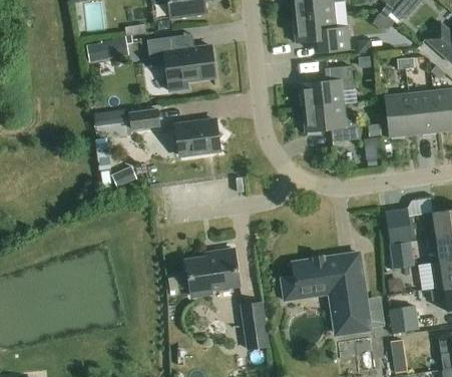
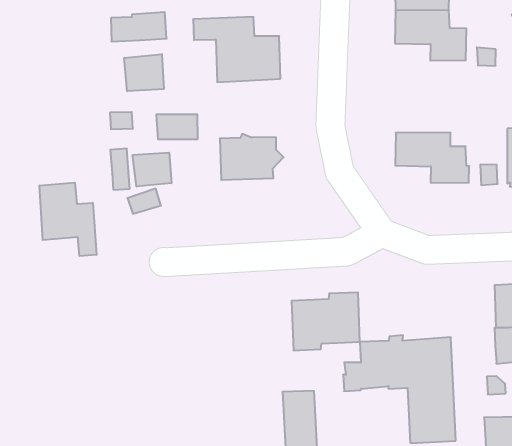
building: [301,65,354,107] -> none
building: none -> [124,54,164,91]
building: none -> [133,153,171,187]
building: none -> [40,183,96,256]
building: [186,249,240,296] -> [291,292,360,350]

